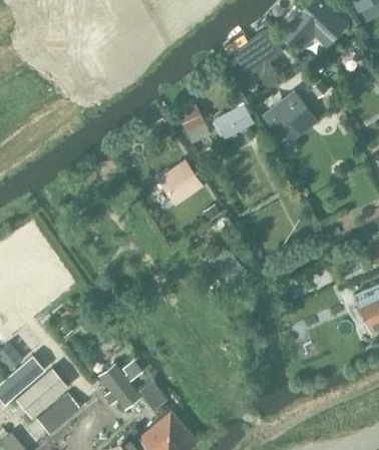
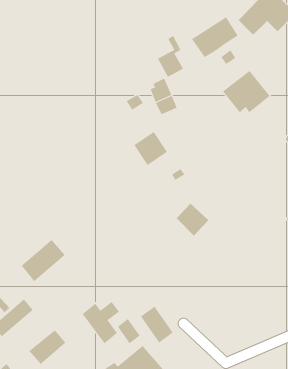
building: [217,93,248,142] -> [157,35,184,77]
building: none -> [140,306,174,343]
building: [16,369,68,418] -> [21,239,66,281]

